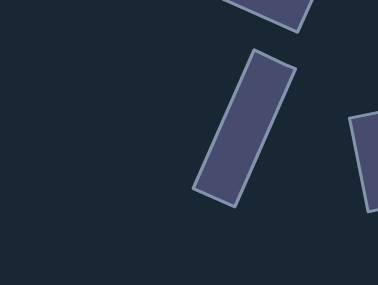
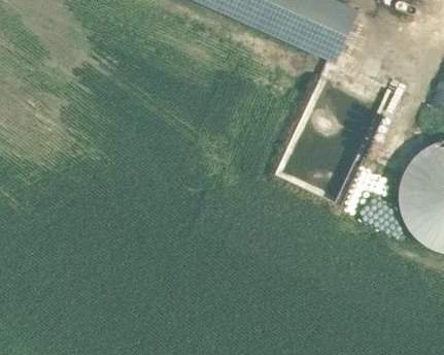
building: [193,50,296,207] -> none

